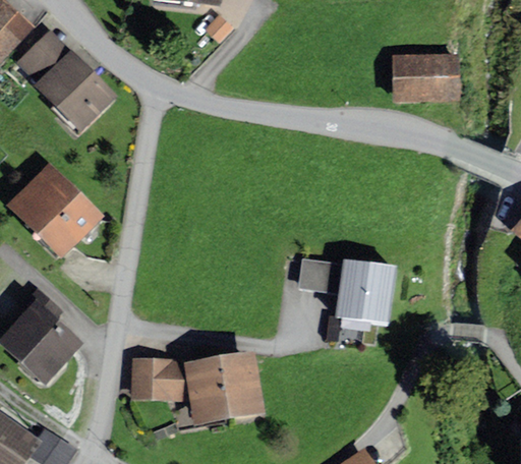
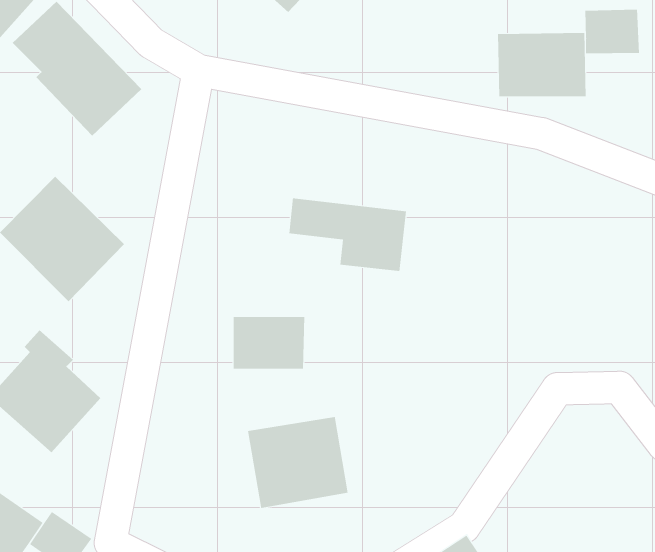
building: none -> [585,9,640,54]
building: [297,257,389,314] -> [288,198,407,272]
building: [138,359,194,400] -> [233,317,305,369]

